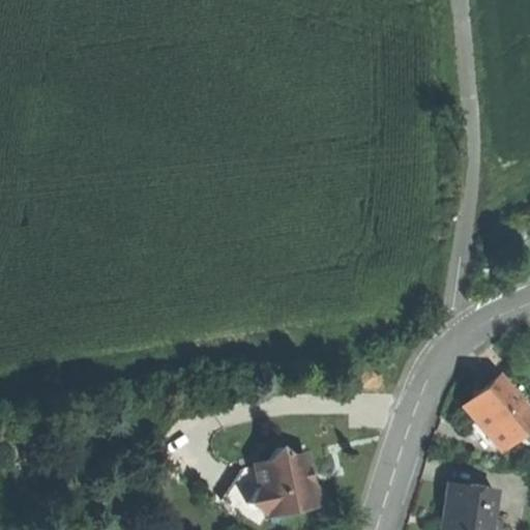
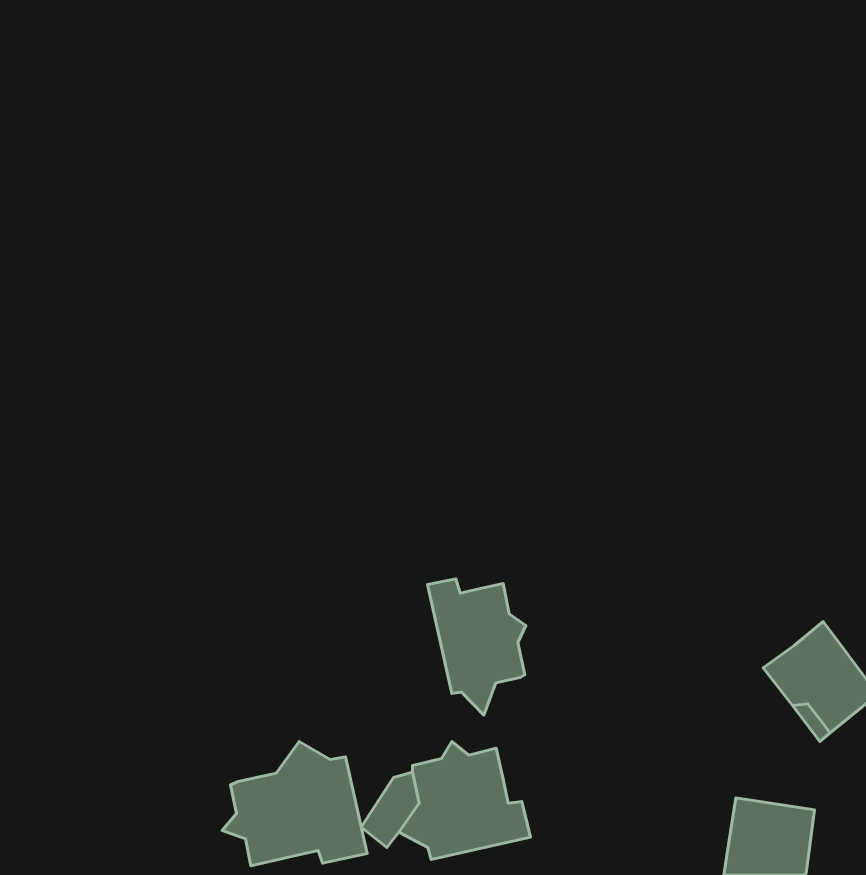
building: none -> [427,579,526,715]
building: none -> [222,742,367,866]

